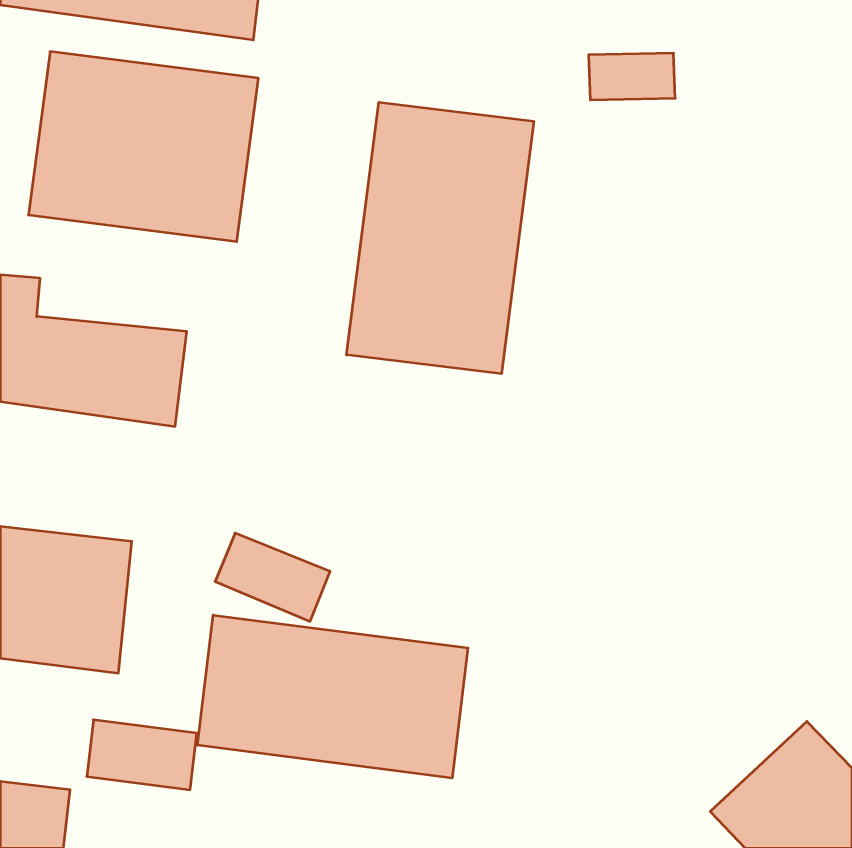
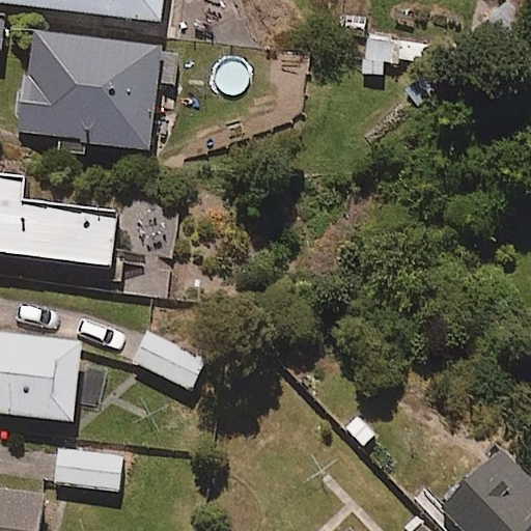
building: [347,102,534,374] -> none
building: [197,615,468,778] -> none

